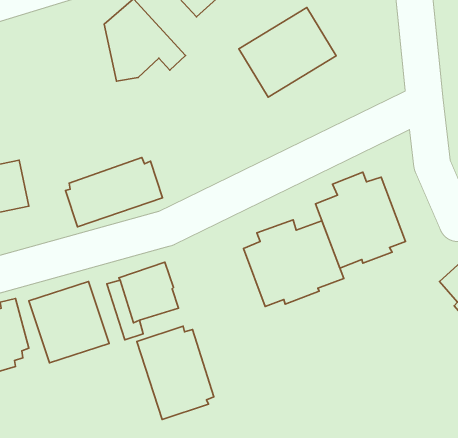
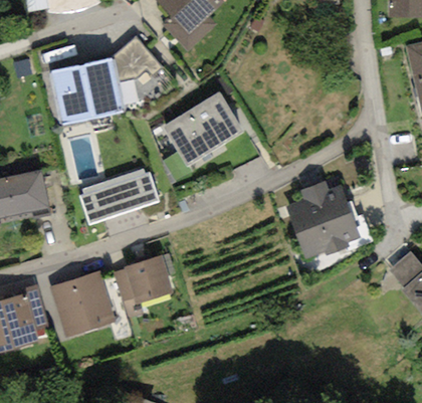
building: [239,7,336,97] -> [163,91,243,166]
building: none -> [50,57,124,126]
building: [243,220,344,306] -> none
building: [137,326,214,419] -> none

